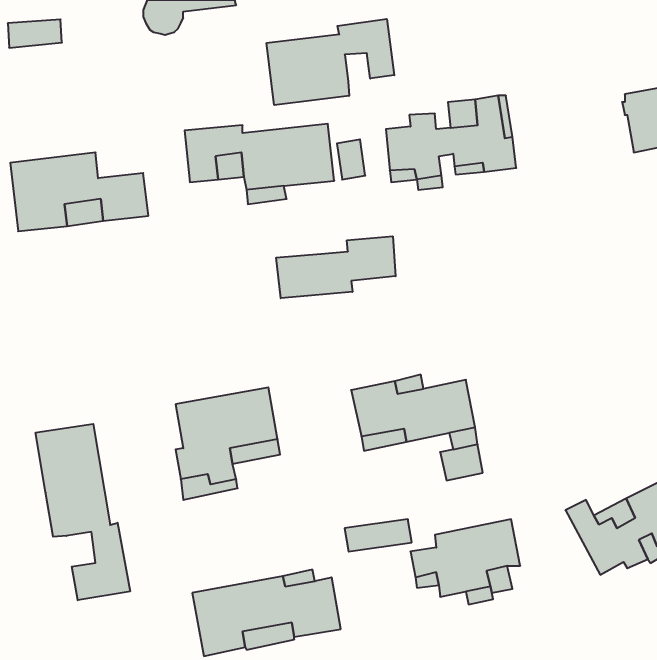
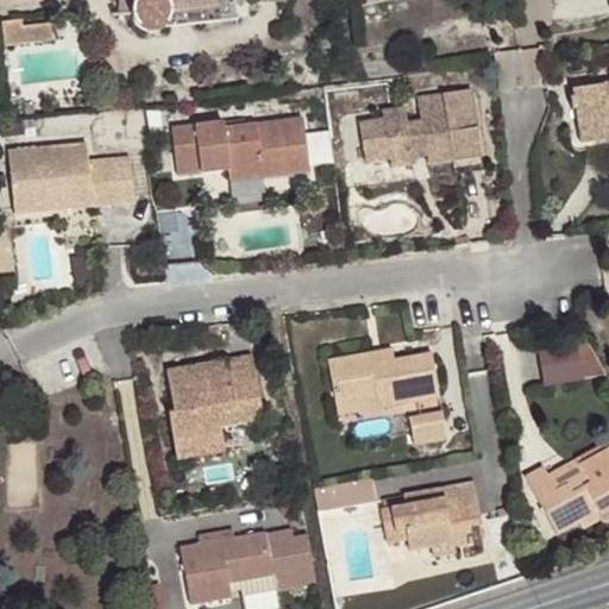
building: [267,19,394,105] -> none
building: [276,236,396,298] -> none
building: none -> [545,339,598,384]
building: [36,424,130,600] -> none

